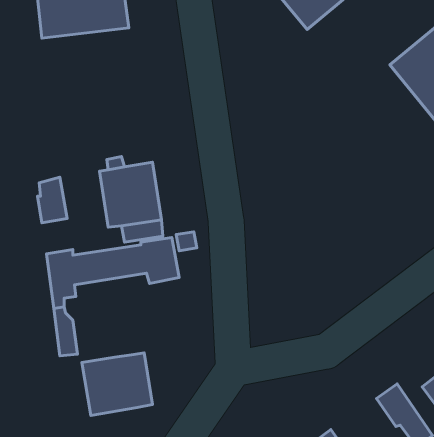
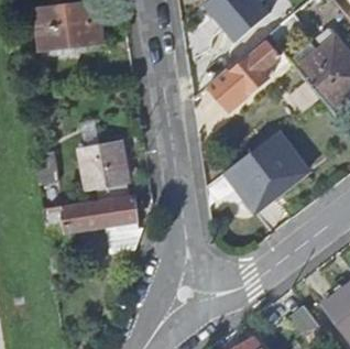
building: none -> [208,42,278,111]
building: none -> [222,132,305,207]
building: [82,353,153,416] -> none

